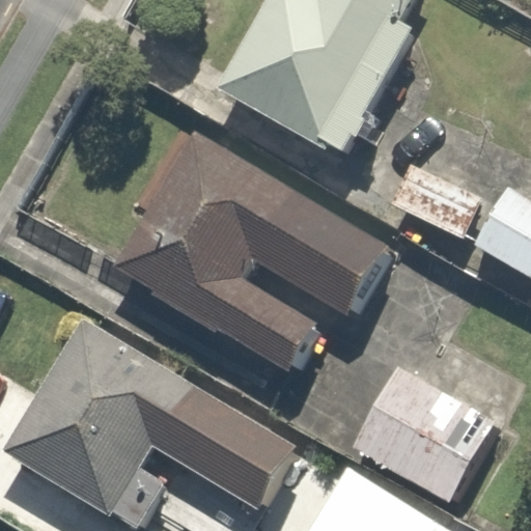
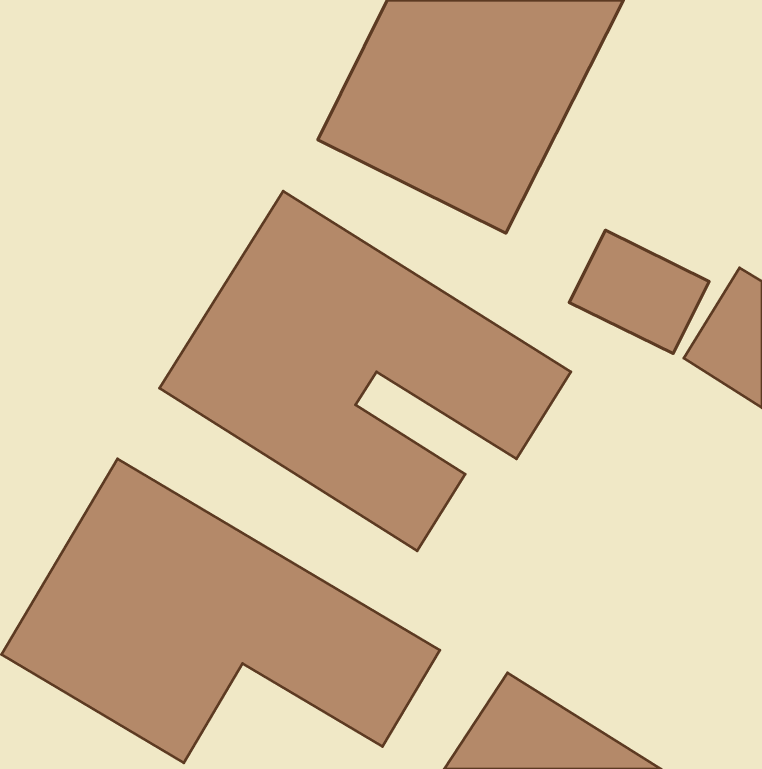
building: [348,361,504,510] -> none

